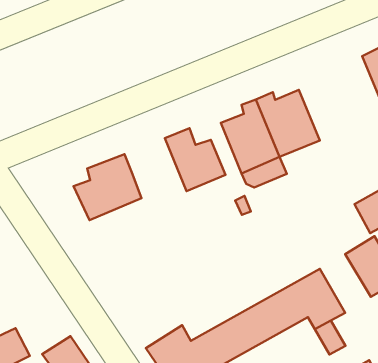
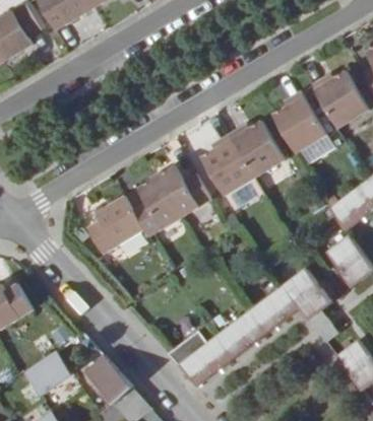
building: none -> [274,92,329,155]
building: none -> [135,178,183,237]

